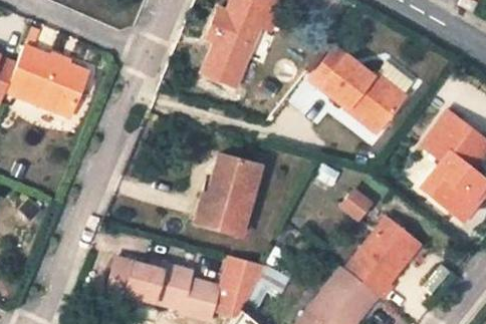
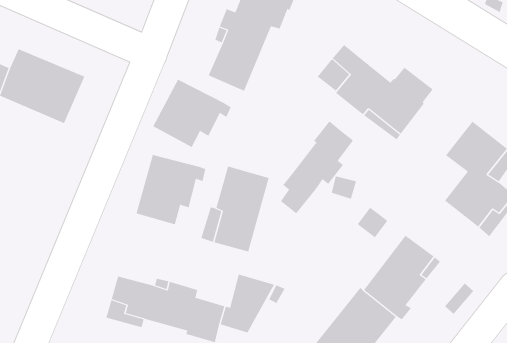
building: none -> [152,79,232,148]
building: none -> [280,120,354,214]
building: none -> [136,154,206,225]

